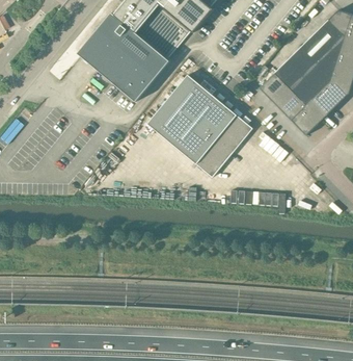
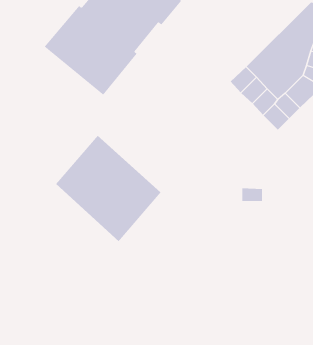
building: [148,78,252,183] -> [55,135,161,242]

